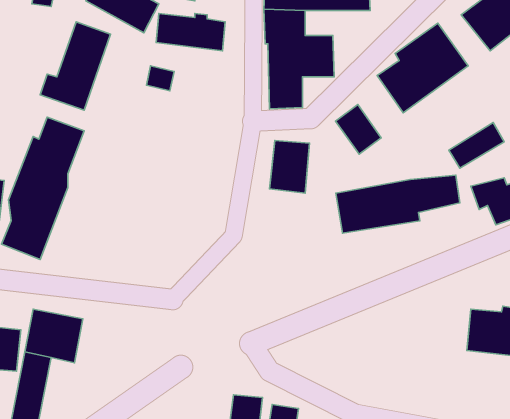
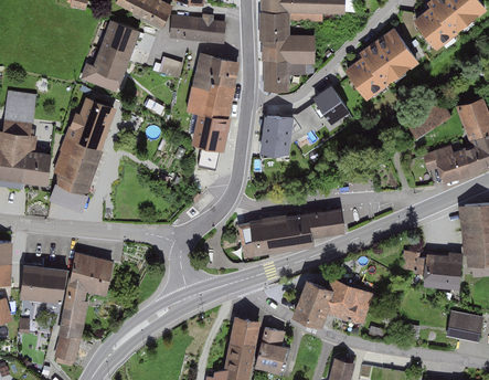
building: none -> [188,54,238,151]
building: [336,175,460,233] -> [247,210,347,256]
building: none -> [289,276,376,327]

